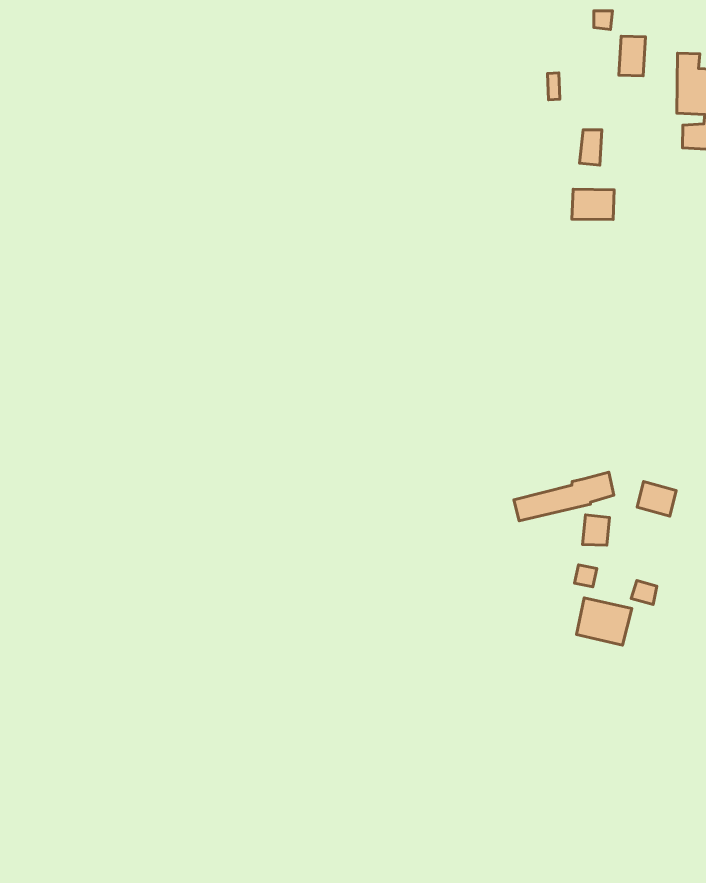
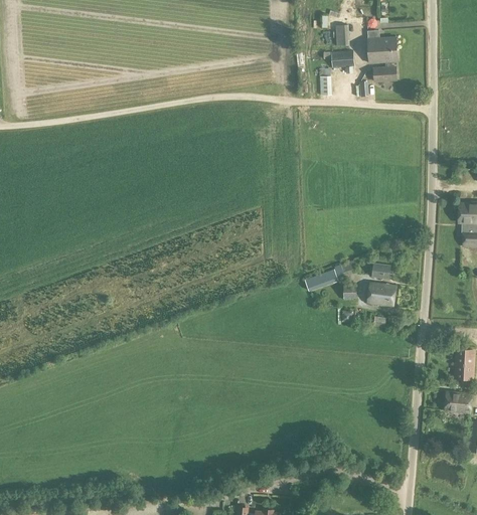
building: [572,189,614,220] -> [331,49,354,67]
building: [577,598,632,645] -> [367,282,395,305]

